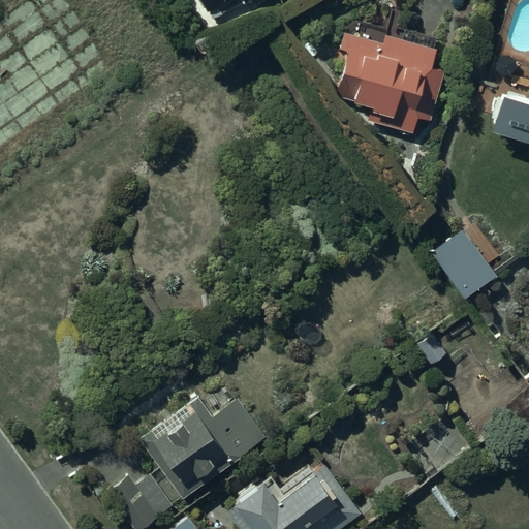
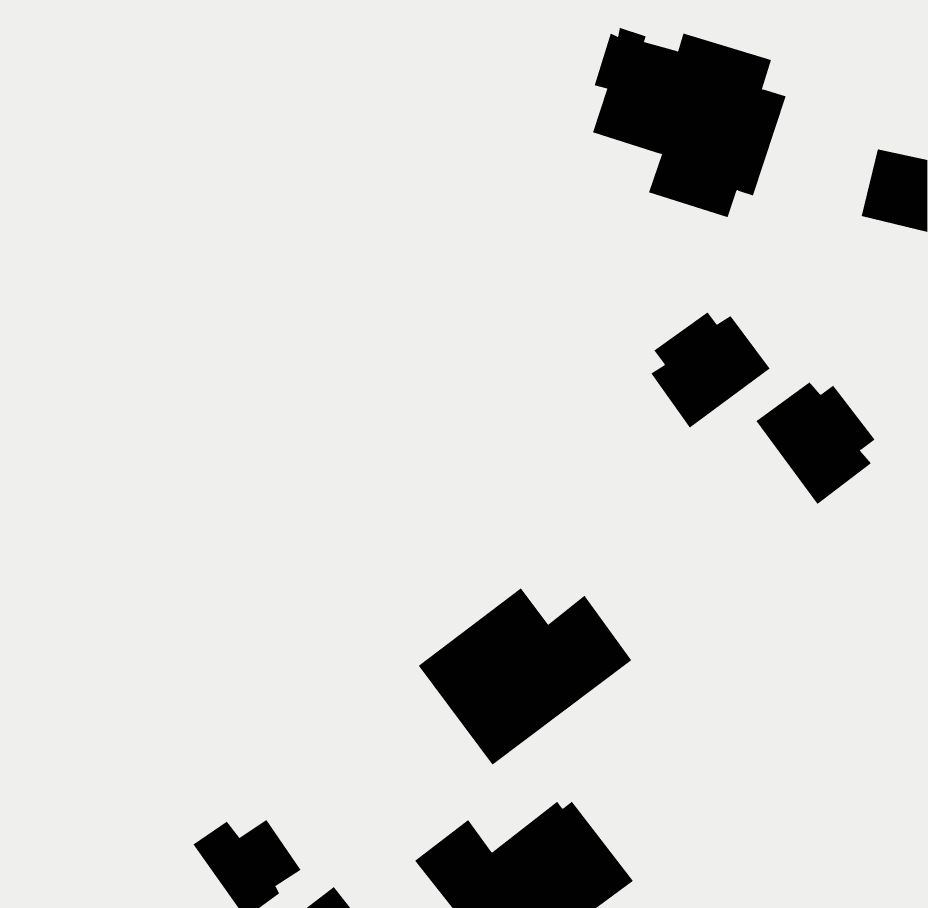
building: none -> [650,312,770,429]
building: [142,397,263,498] -> [418,588,632,766]

